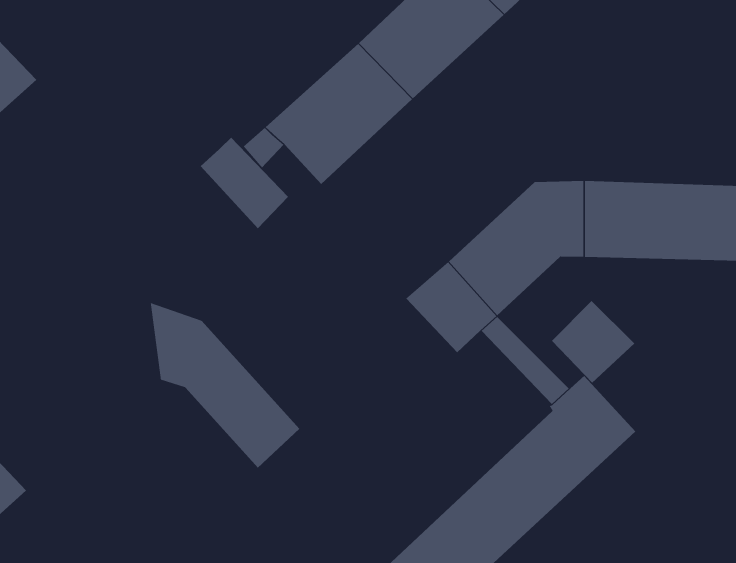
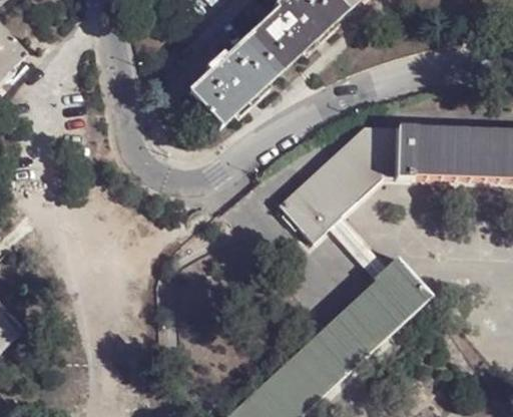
building: [200,137,289,229] -> none
building: [551,300,635,384] -> none
building: [150,302,300,468] -> none

